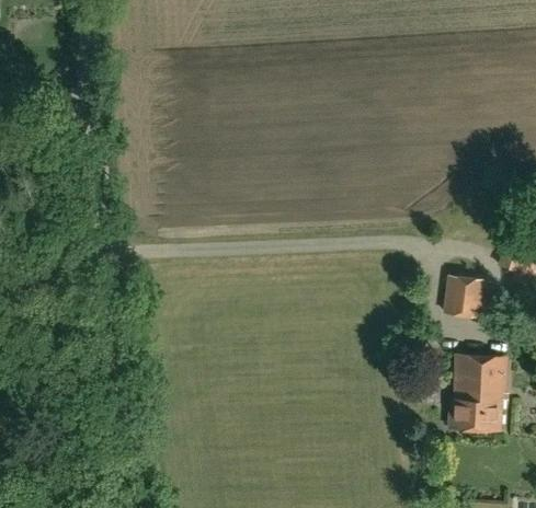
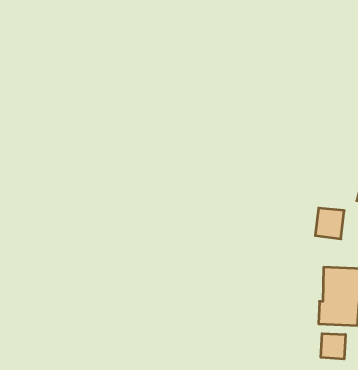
building: none -> [321,334,345,359]

